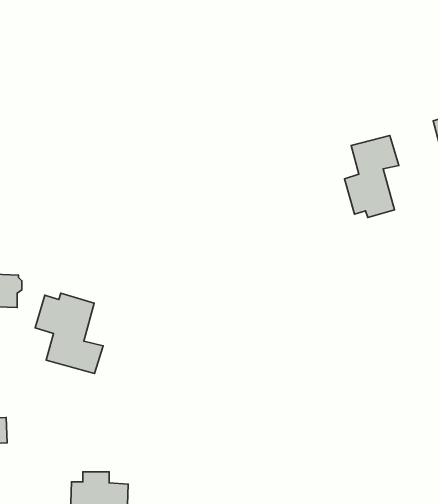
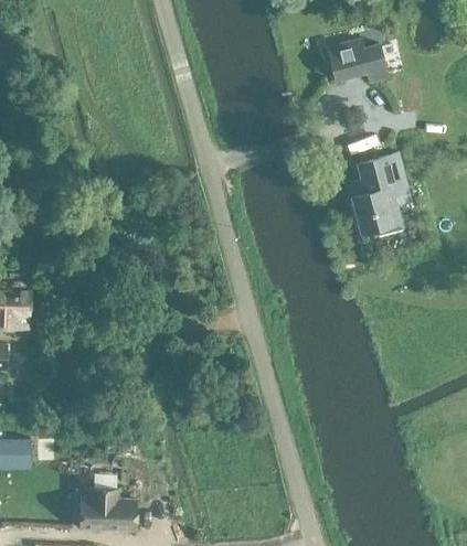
building: none -> [329,42,389,83]
building: [35,293,103,373] -> none

